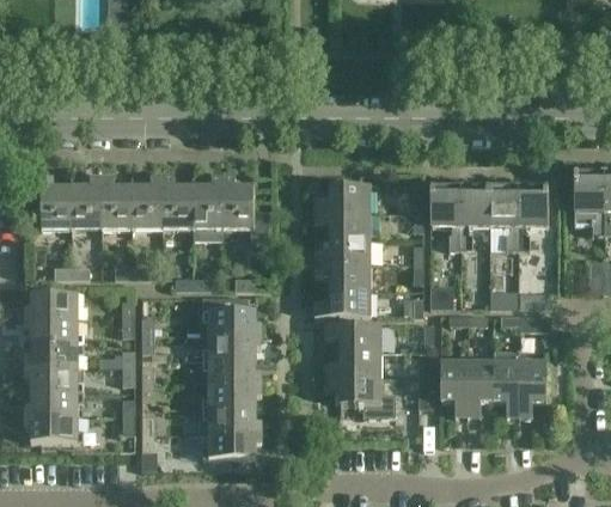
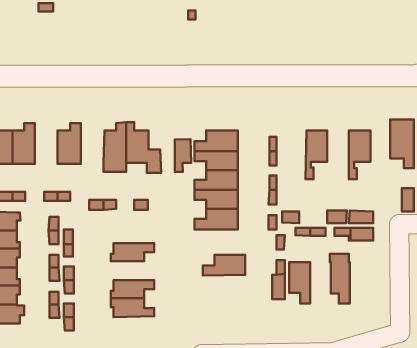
building: [103,176,133,230] -> none
building: [164,176,195,230] -> none
building: [430,184,463,250] -> none
building: [490,185,519,250] -> none
building: none -> [175,139,191,172]
building: [202,310,261,335] -> none
building: [325,324,381,350] -> none
building: [203,359,261,384] -> none
building: [468,360,495,415] -> none
building: [520,360,546,415] -> none
building: [325,377,396,416] -> none
building: [187,432,261,458] -> none

